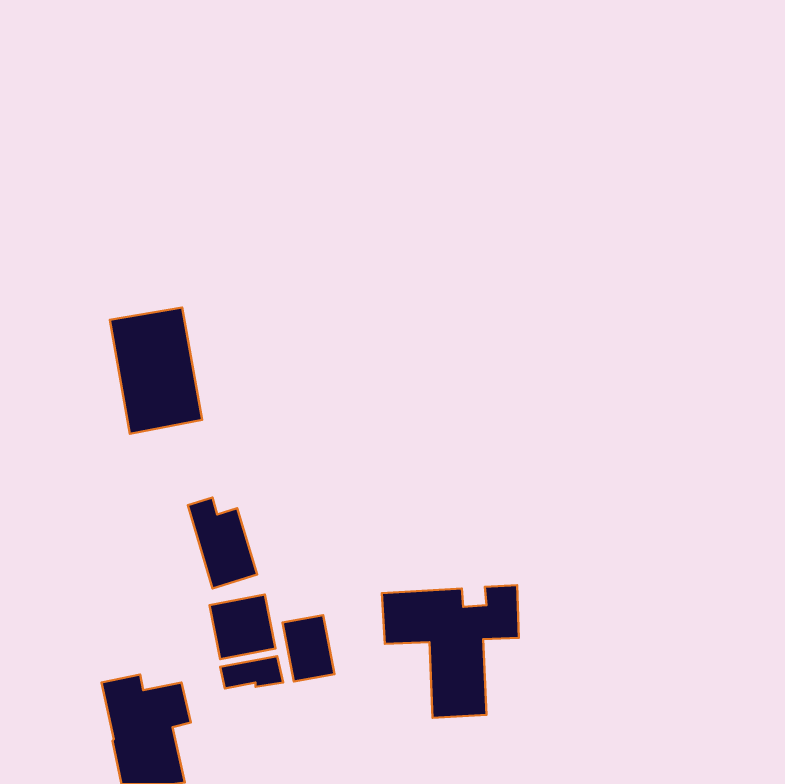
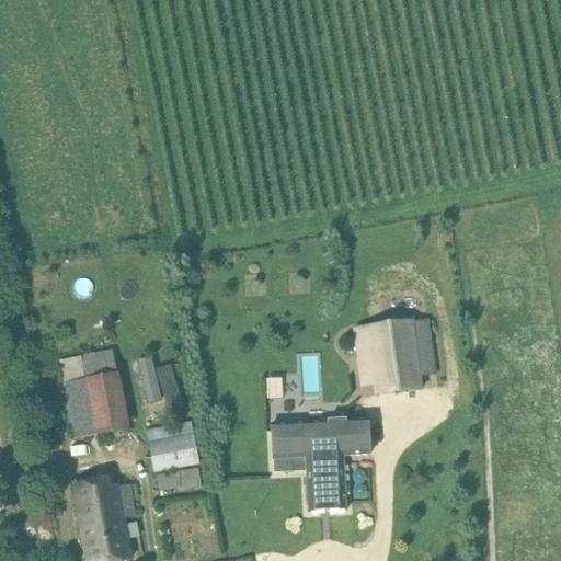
building: [110,307,202,434] -> [61,348,127,438]
building: none -> [355,317,432,393]
building: [283,615,334,682] -> none

